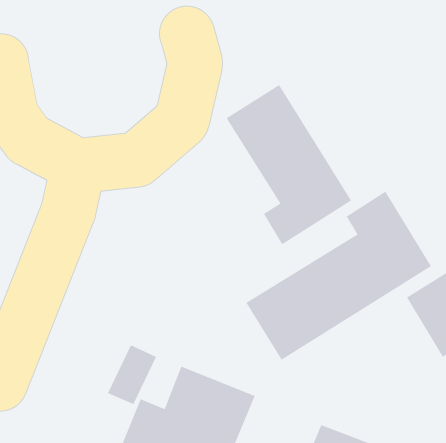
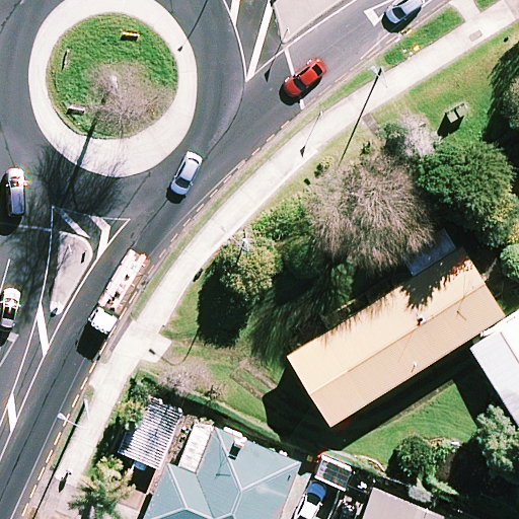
building: [226,84,352,245] -> none

